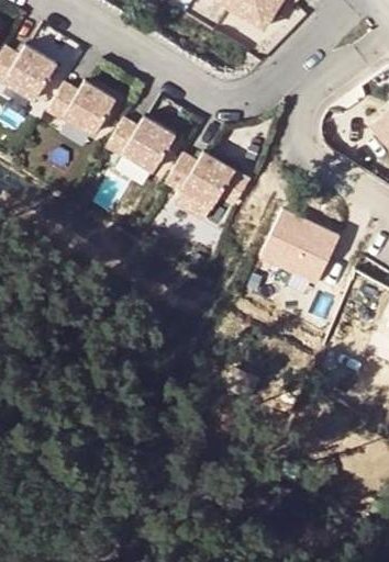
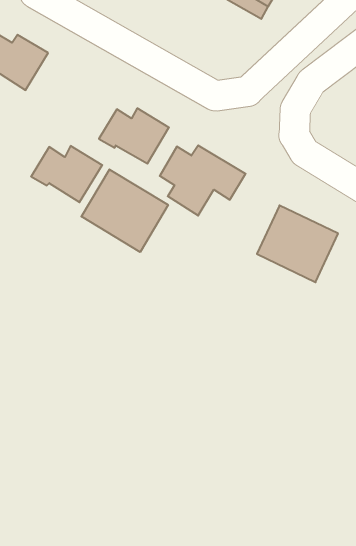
building: [47,79,116,134] -> [31,146,102,202]
building: none -> [81,169,168,252]

